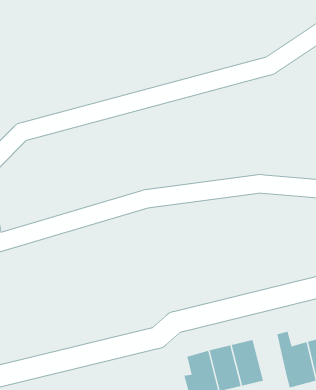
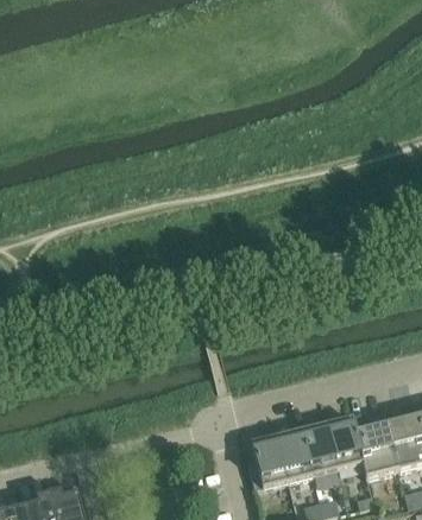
building: none -> [326,416,363,469]

